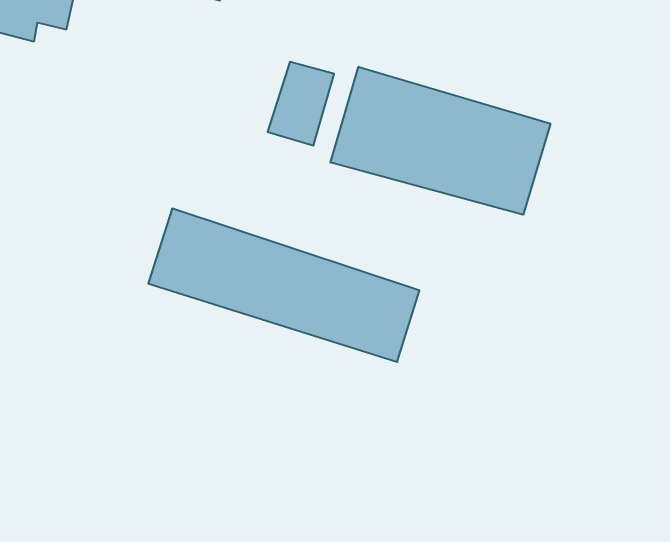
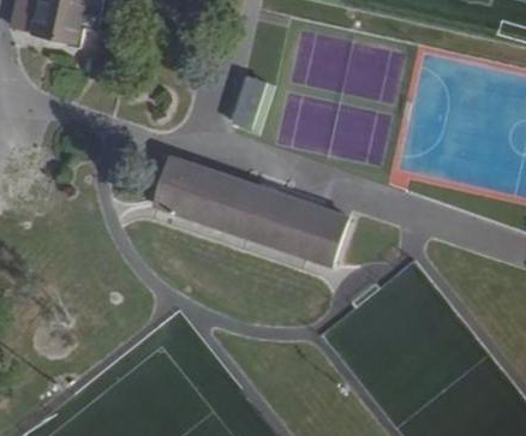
building: [330,67,550,215] -> none

